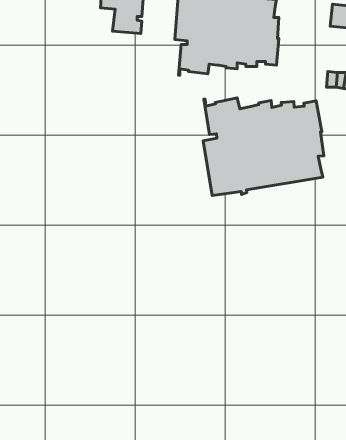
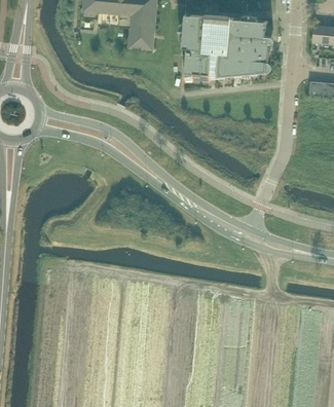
building: [203,98,324,196] -> none

